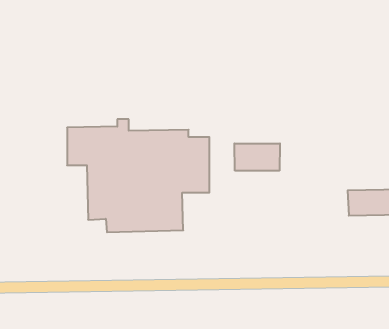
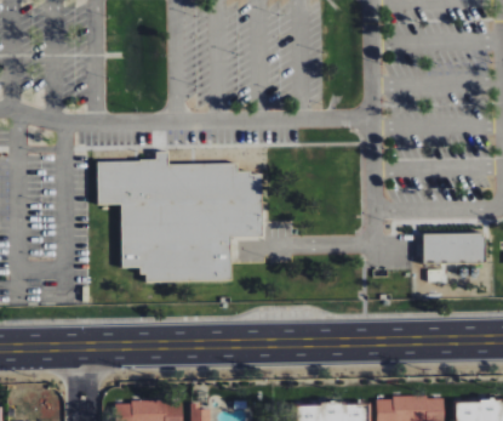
building: [234,143,280,171] -> none

